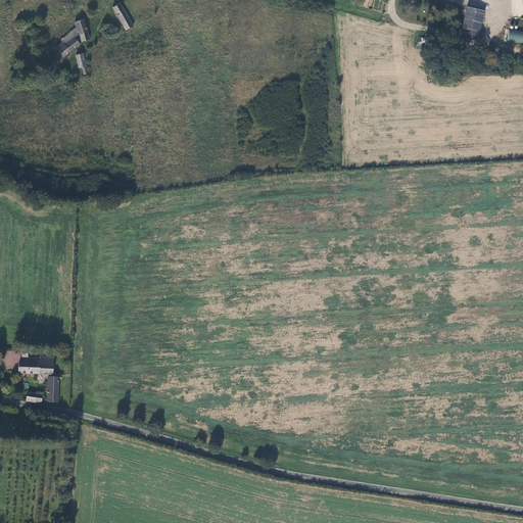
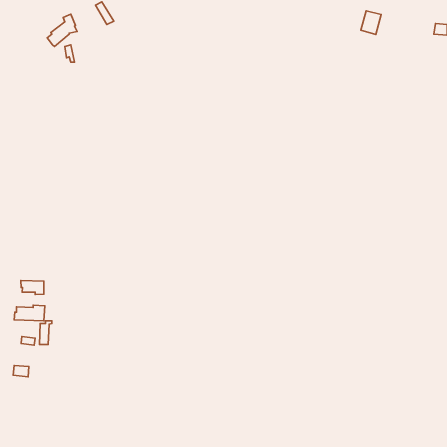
building: [460,7,483,35] -> [361,11,381,35]
building: none -> [21,280,44,294]

